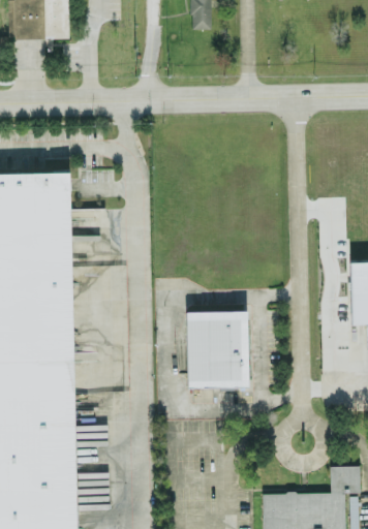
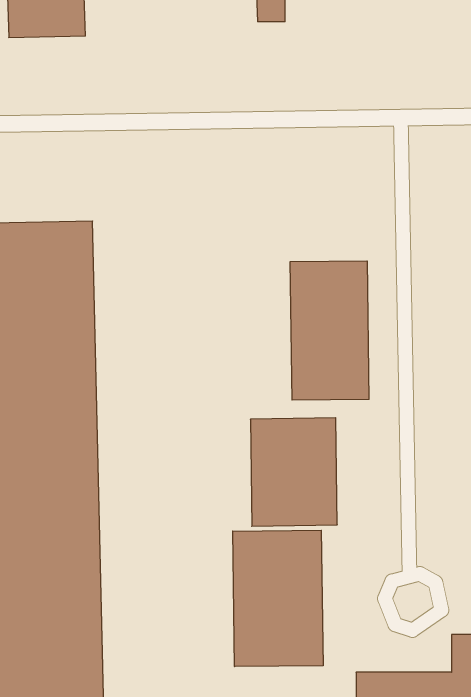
building: none -> [290,261,369,400]
building: none -> [233,530,323,667]

